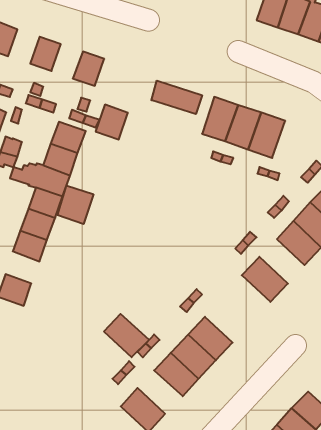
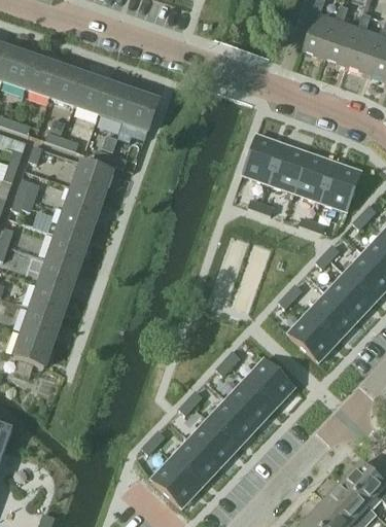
building: none -> [26,59,61,97]
building: none -> [74,75,109,113]
building: [151,81,202,114] -> none
building: [96,105,128,140] -> [122,92,159,131]
building: none -> [320,161,360,211]
building: [57,185,93,224] -> none
building: none -> [306,292,356,342]
building: none -> [23,306,61,342]
building: none -> [245,358,294,408]
building: [104,314,149,357] -> [170,438,220,487]

